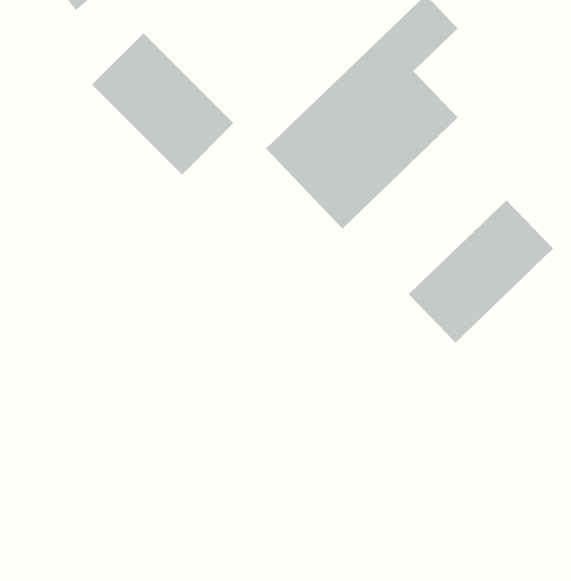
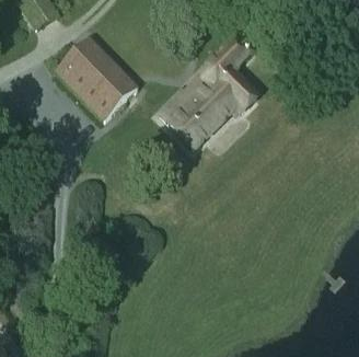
building: [408,199,554,343] -> none

